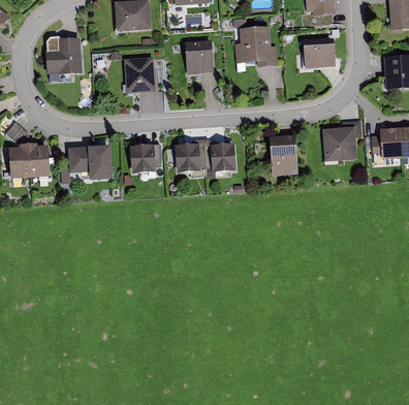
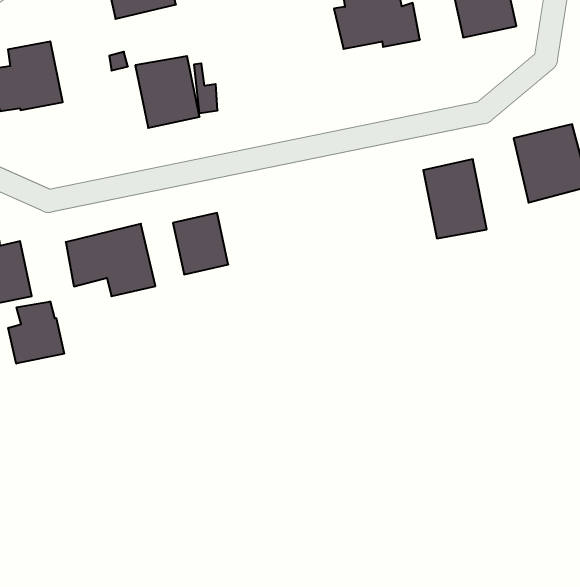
building: [184,39,212,73] -> none
building: [176,143,240,172] -> none
building: none -> [8,301,64,364]

